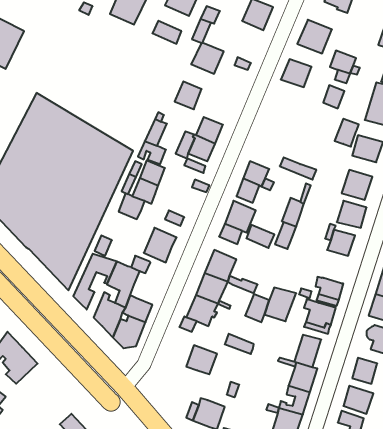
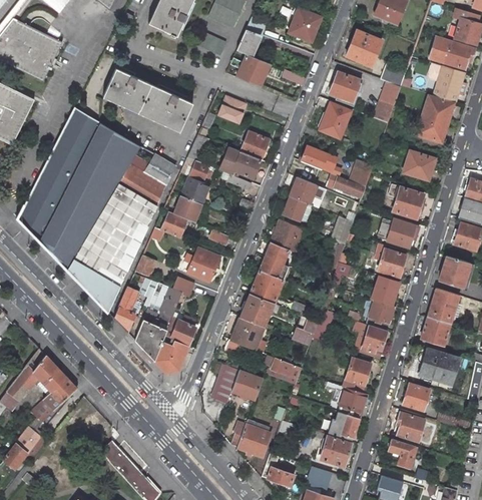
building: none -> [104,69,192,129]
building: none -> [319,103,351,139]
building: [335,119,359,147] -> [349,158,374,187]
building: none -> [301,146,337,173]
building: [246,225,274,248] -> [260,257,289,281]
building: none -> [371,276,400,306]
building: none -> [212,365,238,403]

